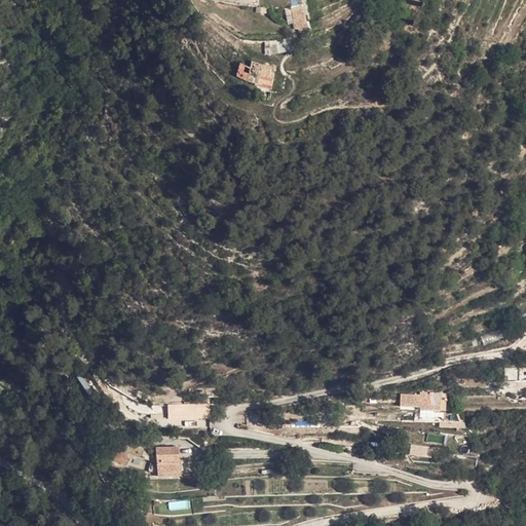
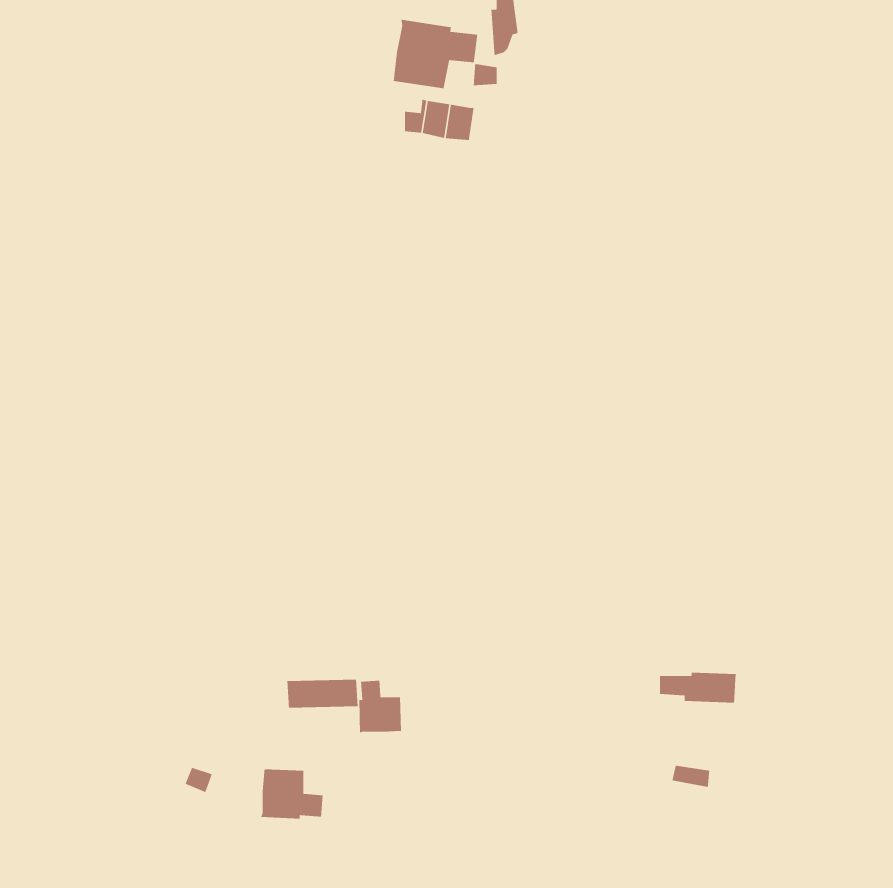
building: none -> [393,19,478,89]
building: none -> [358,680,402,734]

